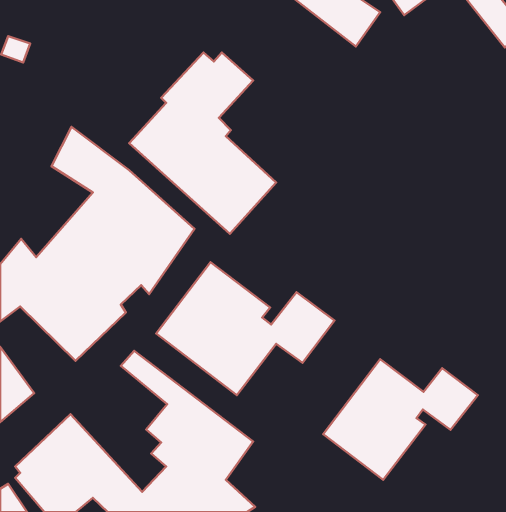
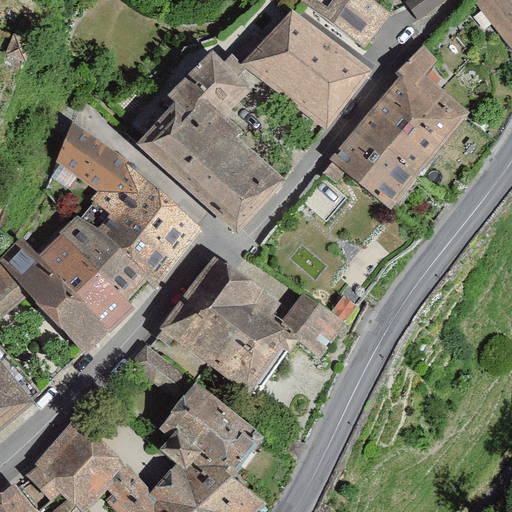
building: none -> [243,5,368,125]
building: none -> [325,43,466,211]
building: [323,359,478,480] -> none

